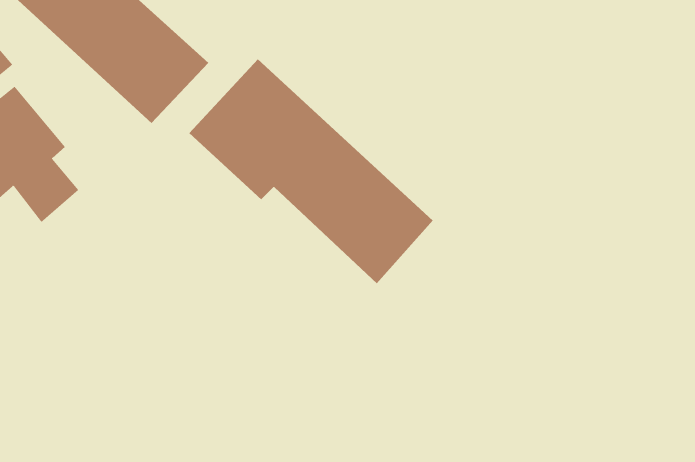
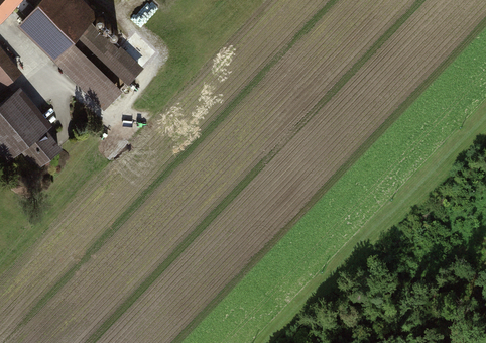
building: [189,59,433,284] -> none

